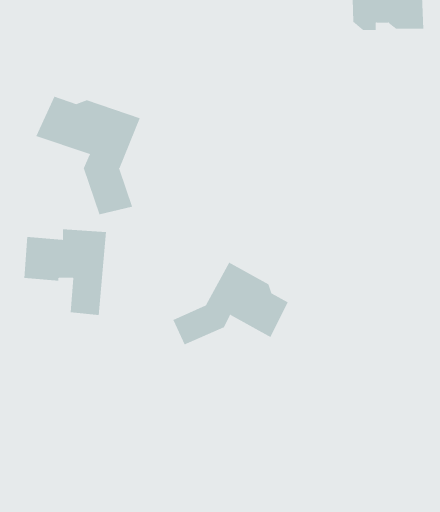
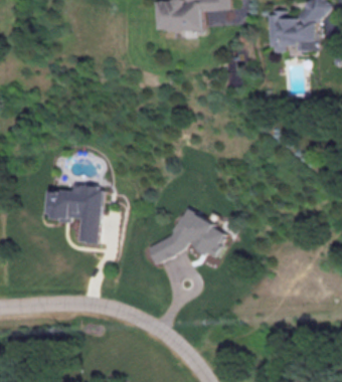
building: [35,96,141,215] -> none

